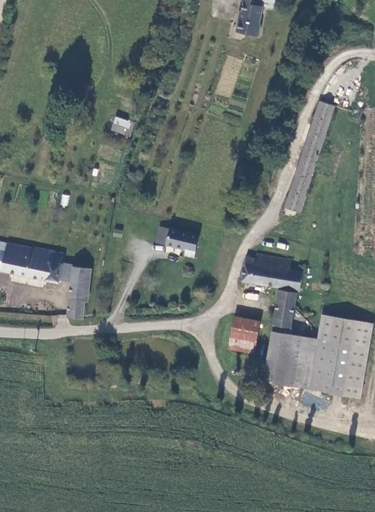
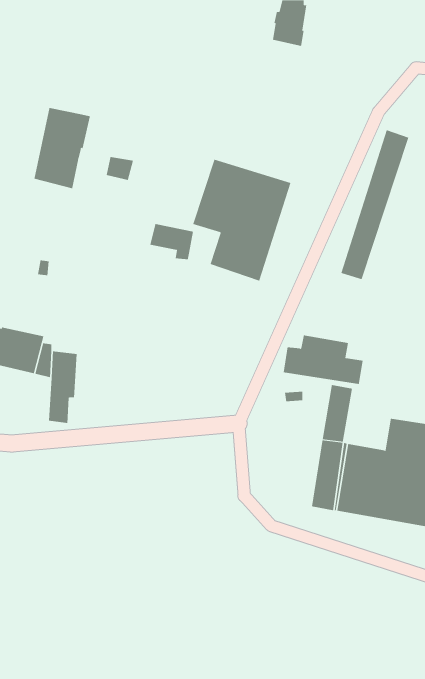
building: none -> [34,107,91,189]
building: none -> [192,159,291,281]
building: [164,227,197,254] -> [149,223,194,260]
building: [226,317,258,354] -> none

